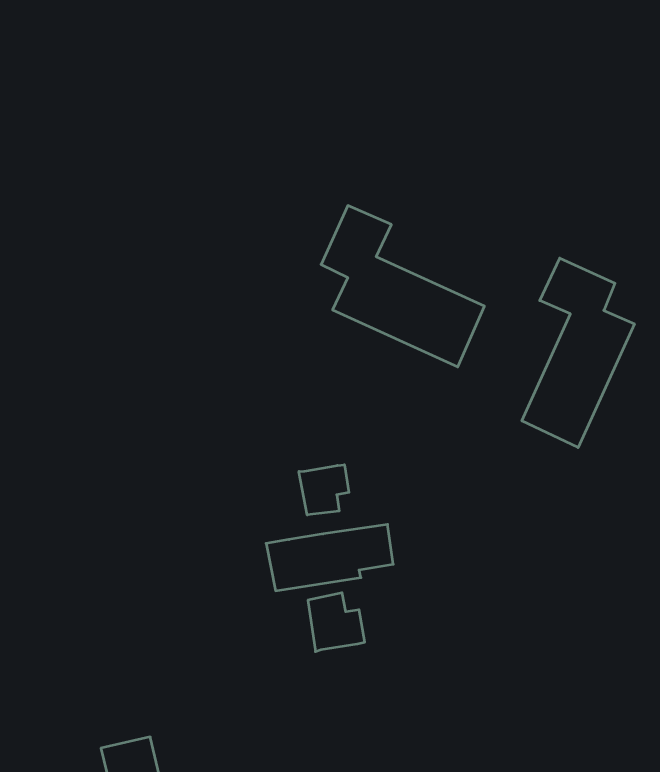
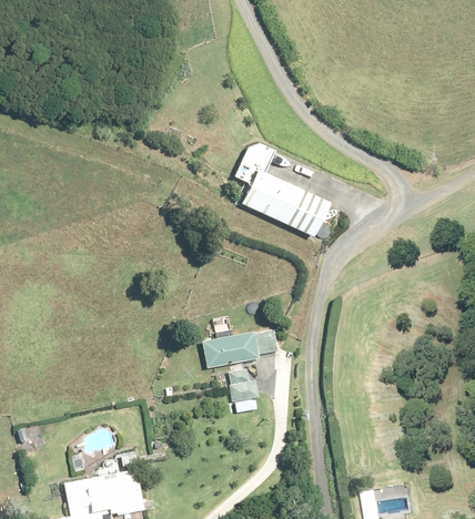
building: [522,258,634,448] -> none
building: [299,465,349,515] -> none

